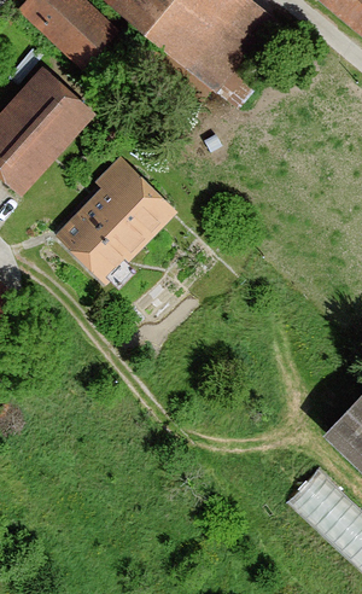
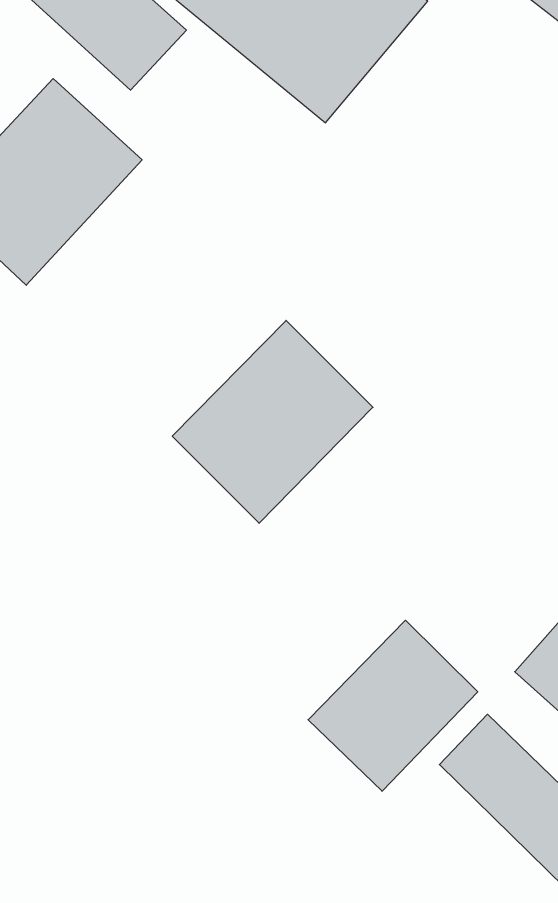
building: [52,161,177,287] -> [172,320,373,523]
building: none -> [308,620,478,791]

